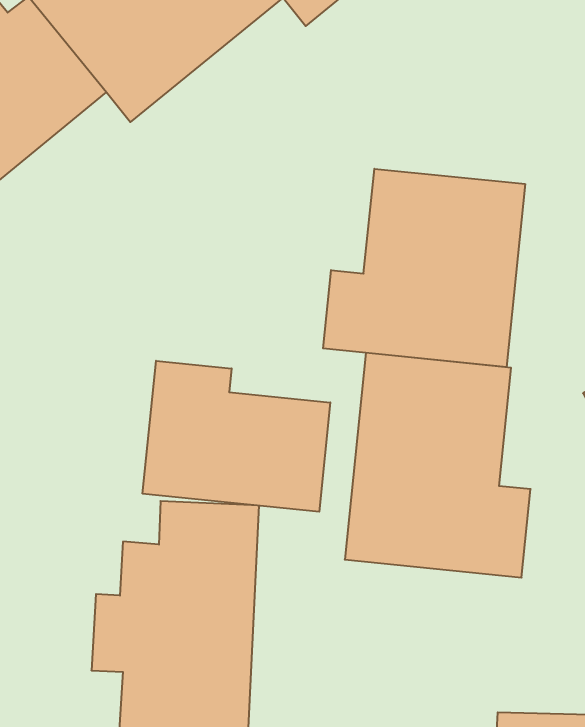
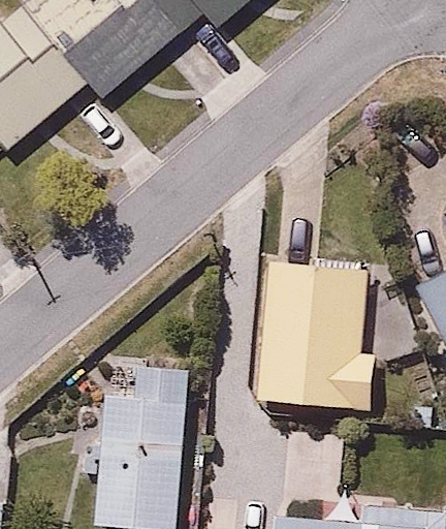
building: [323,169,525,367] -> none
building: [143,361,330,512] -> none

